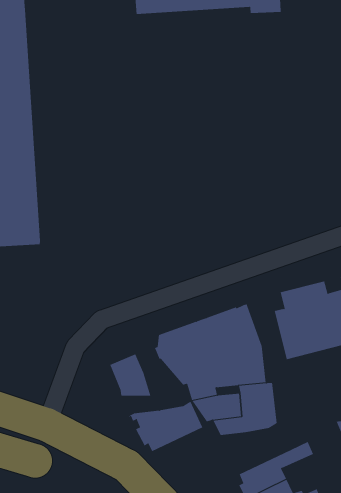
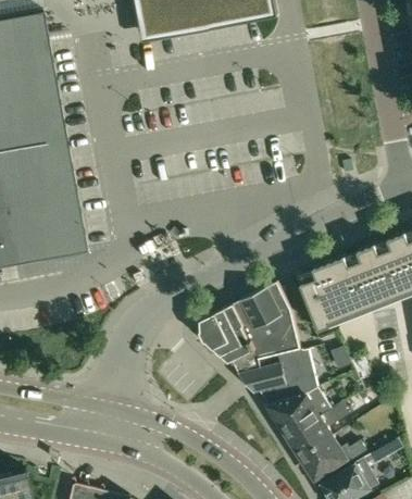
building: [110,354,151,397] -> none
building: [128,401,203,452] -> [264,387,333,437]

